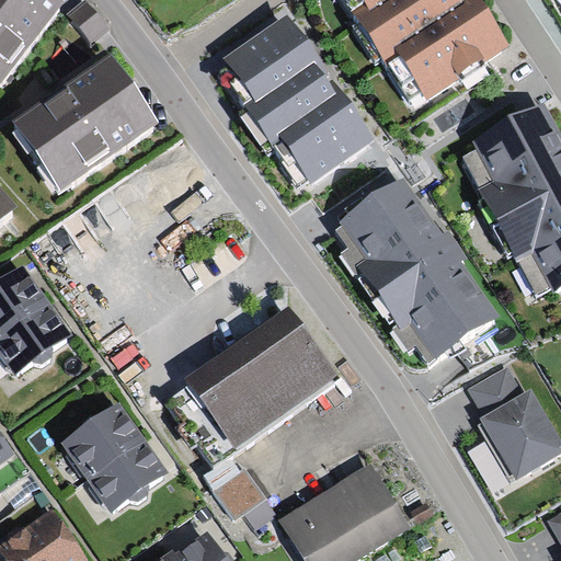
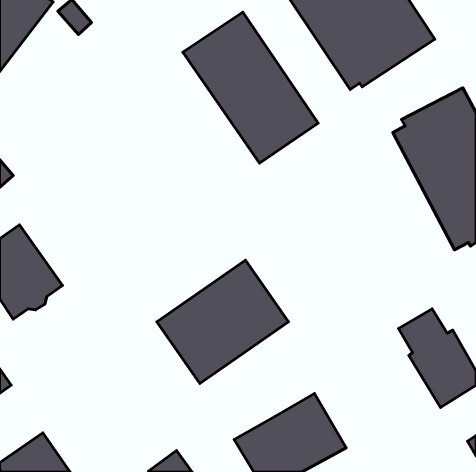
building: [12,53,160,191] -> none
building: [334,182,496,364] -> none
building: [62,402,169,513] -> none
building: [214,467,264,517] -> none

